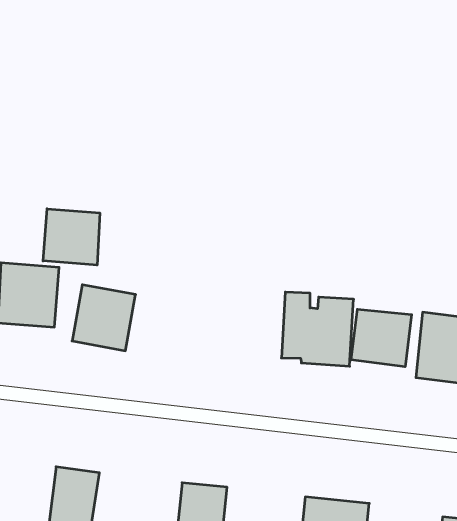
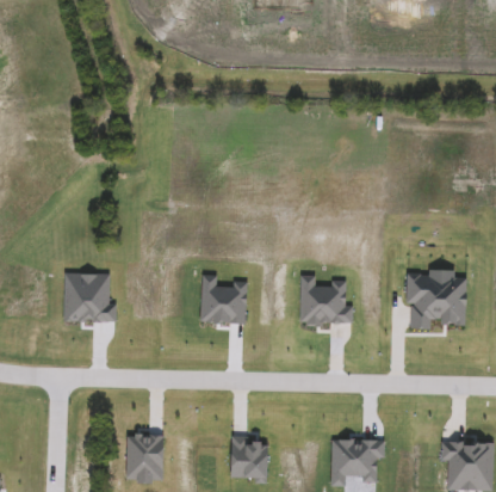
building: [43,209,100,265] -> none
building: [72,285,136,351] -> [200,276,248,326]
building: [351,309,412,367] -> none

